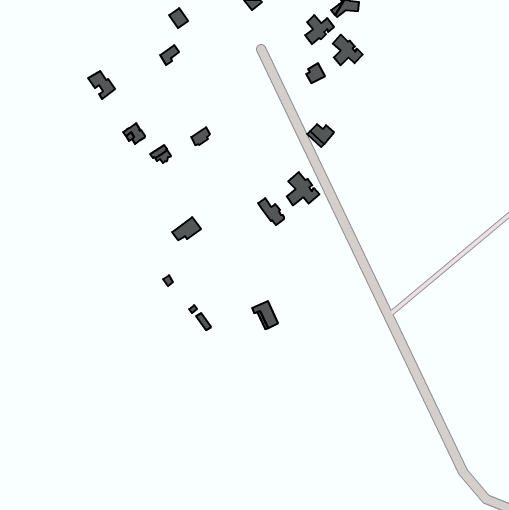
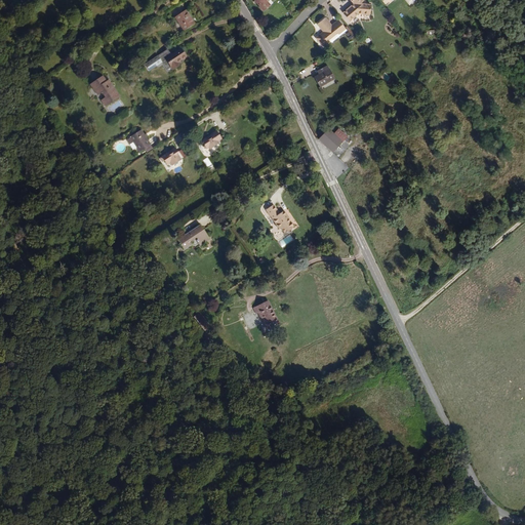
building: [333,35,363,65] -> none
building: [287,172,319,205] -> none

